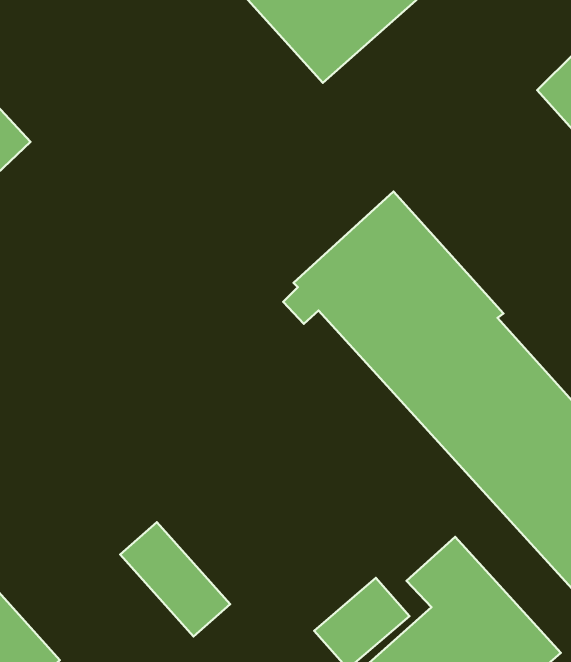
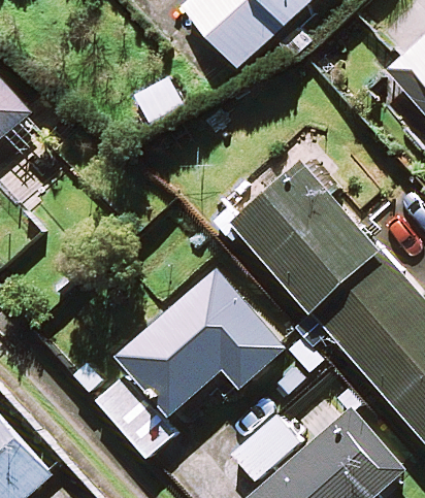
building: none -> [117,268,284,414]

